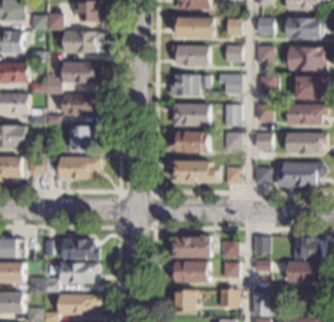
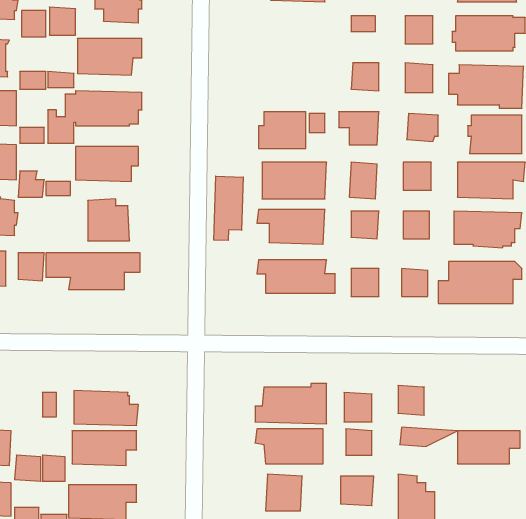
building: [172,16,214,38] -> none
building: [172,45,210,65] -> none
building: none -> [214,176,243,240]
building: [294,236,323,258] -> none

